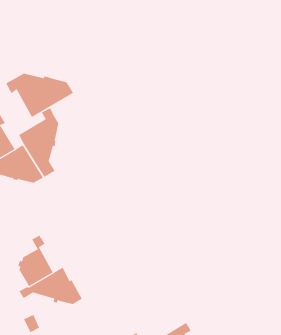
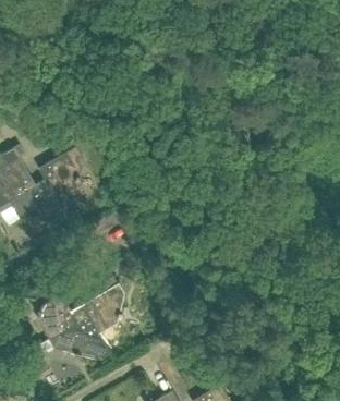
building: [5,73,74,118] -> none
building: none -> [82,282,125,331]

